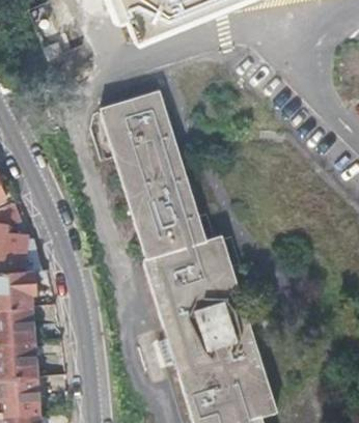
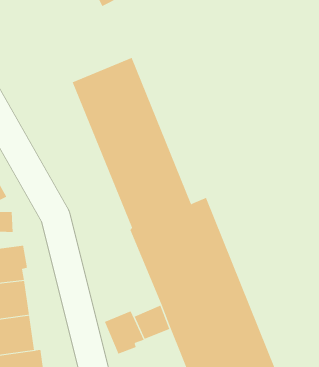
building: none -> [104,311,144,354]

